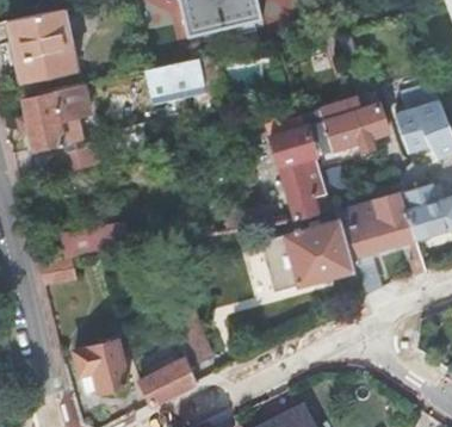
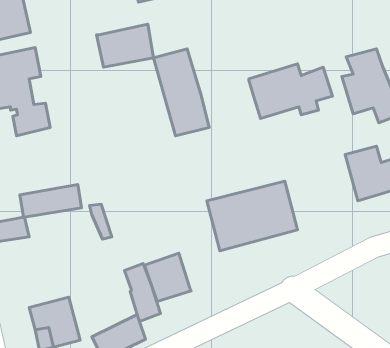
building: [271,128,328,217] -> [153,49,209,136]
building: [336,192,425,298] -> none
building: none -> [144,253,191,301]

